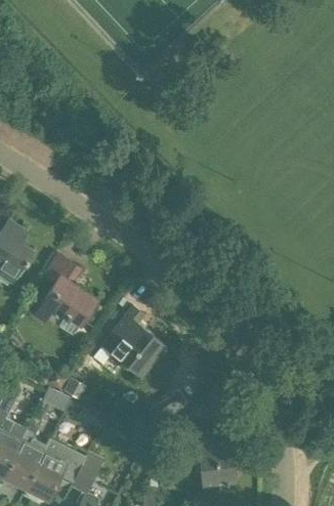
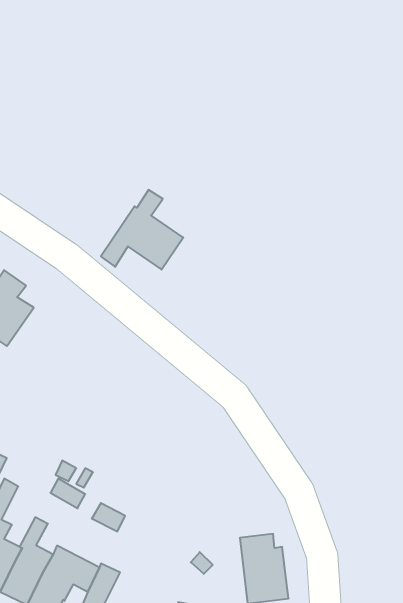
building: [31,262,96,326] -> [101,190,183,270]
building: [101,307,164,377] -> none

